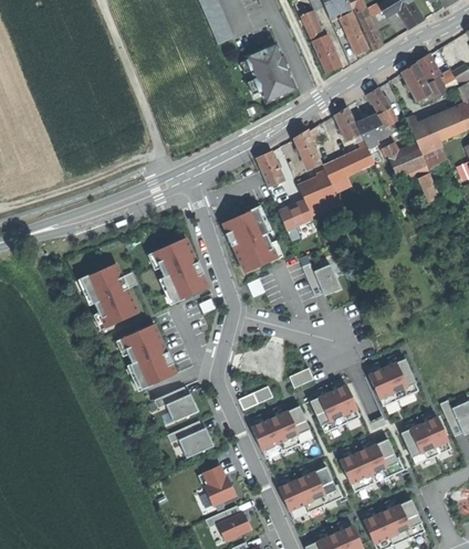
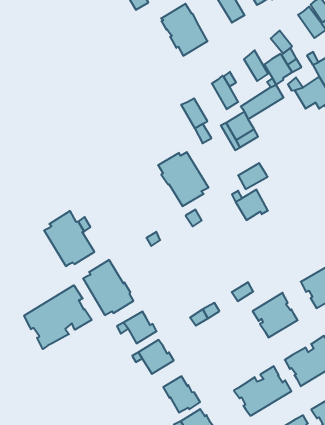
building: [280,201,313,229] -> [238,163,268,189]
building: [154,236,208,298] -> none
building: none -> [24,285,92,349]
building: [251,404,313,458] -> none

